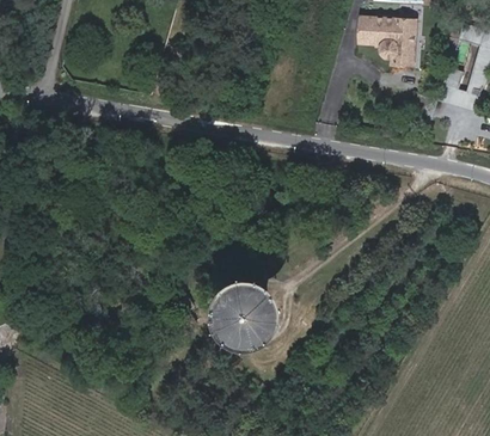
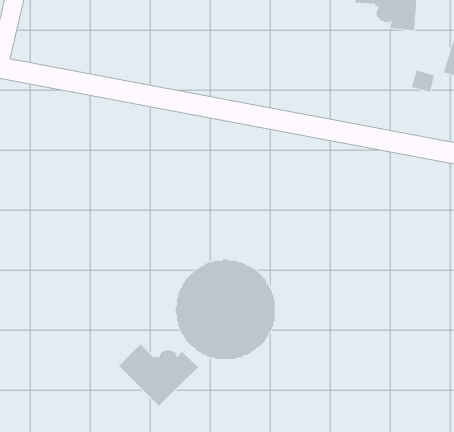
building: none -> [118,343,199,406]

